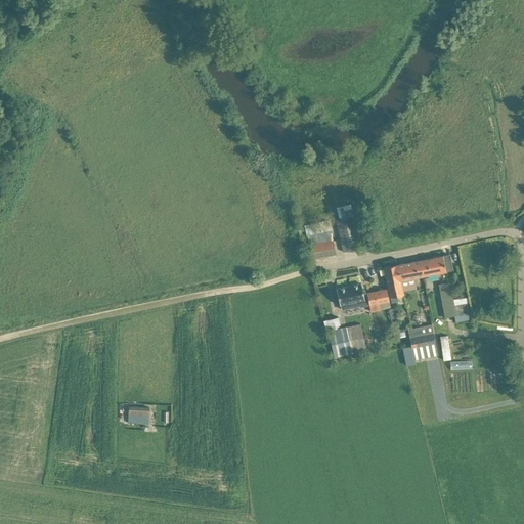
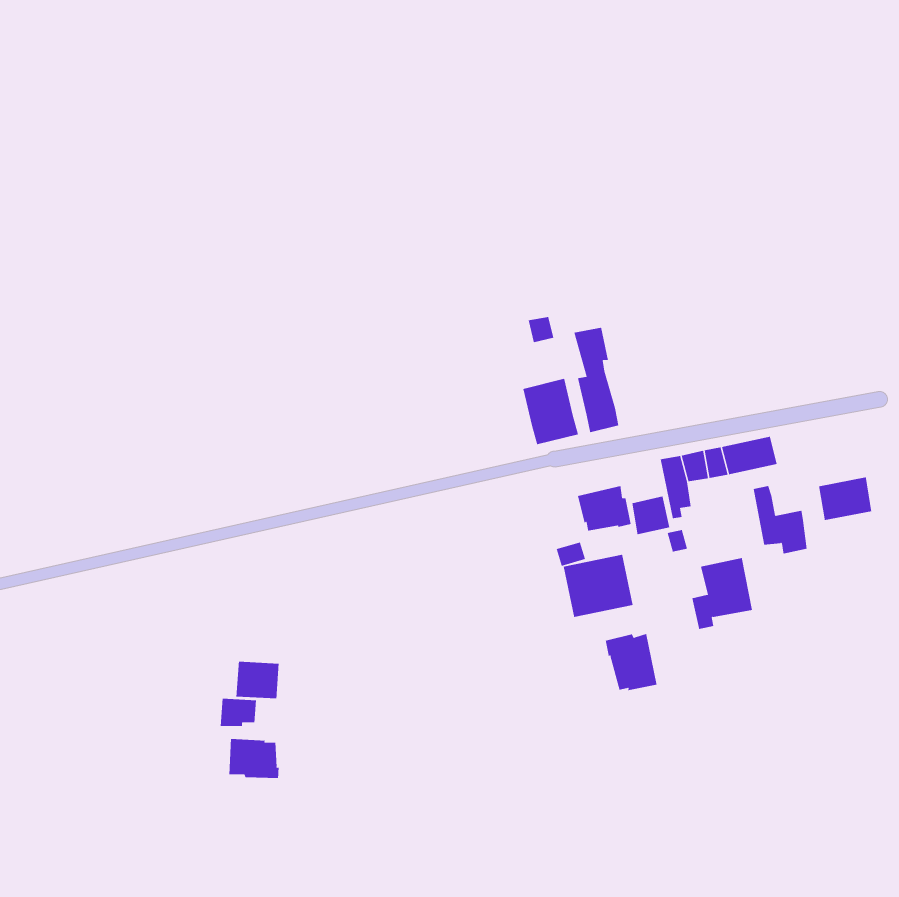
building: none -> [819,477,872,521]
building: none -> [605,633,657,691]
building: none -> [236,661,279,699]
building: none -> [229,738,279,779]

